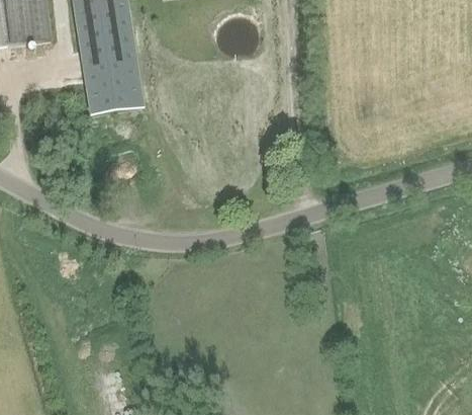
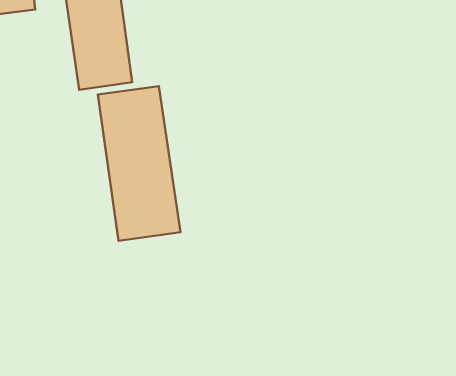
building: none -> [98,86,181,241]

